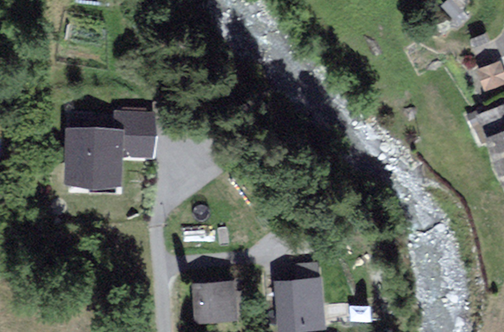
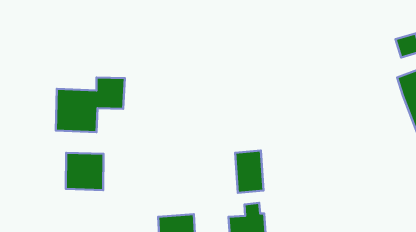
building: none -> [235,150,263,193]
building: none -> [66,153,104,190]

